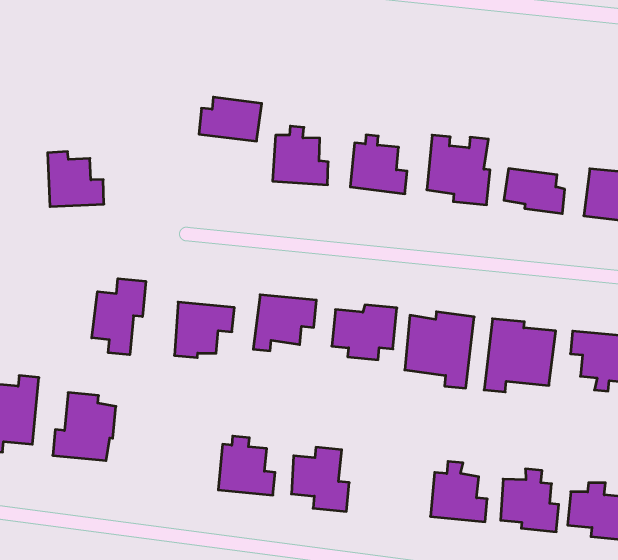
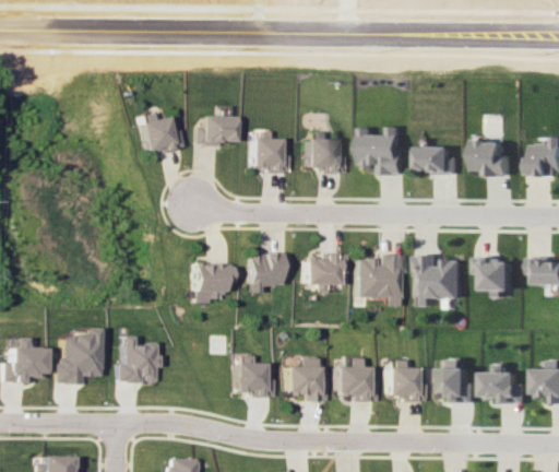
building: [48,152,104,207] -> [139,113,182,153]
building: [92,279,146,355] -> none
building: none -> [336,358,378,401]

